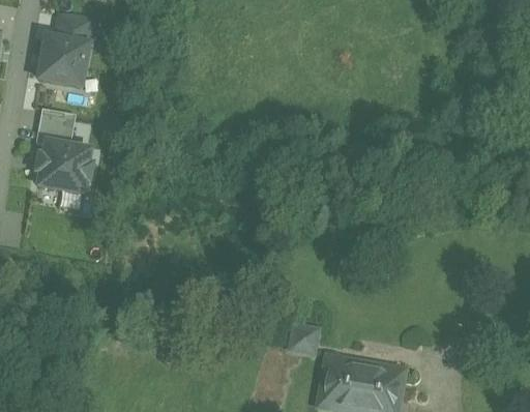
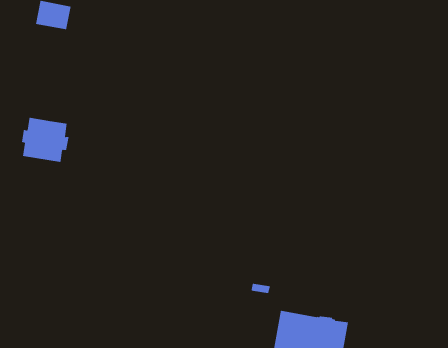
building: [38,39,88,88] -> none
building: [36,109,76,148] -> none

